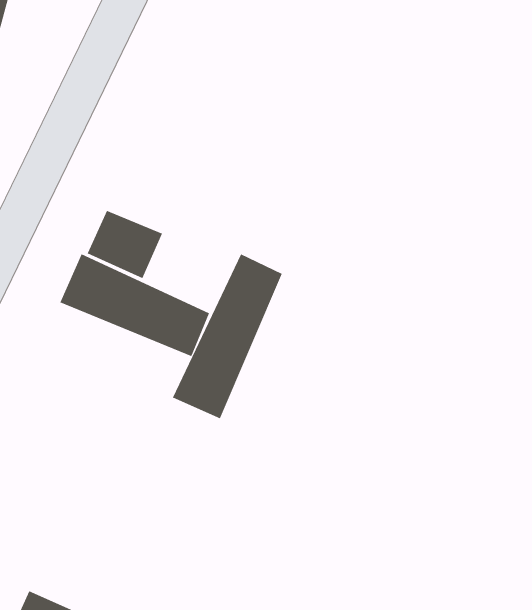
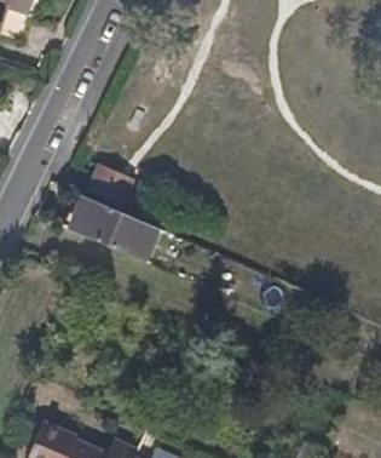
building: [172,253,282,419] -> none

